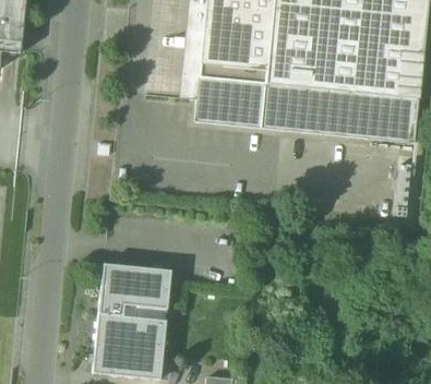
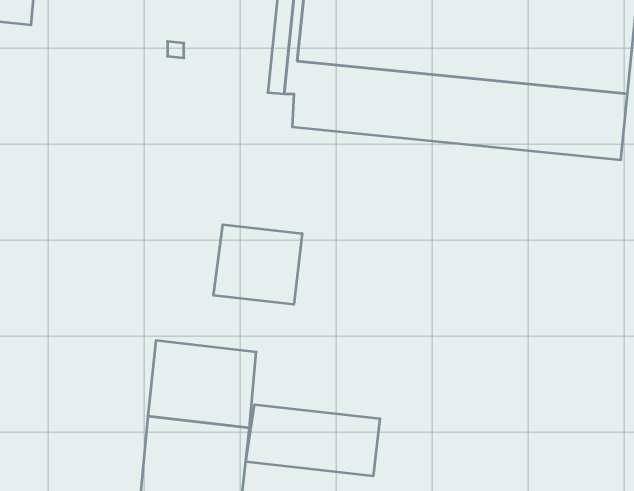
building: none -> [213,225,302,304]
building: none -> [246,405,380,476]

